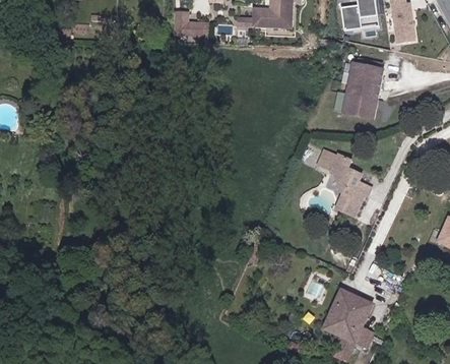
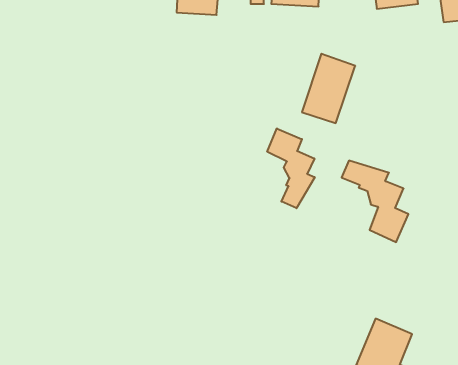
building: [341,69,386,127] -> [302,54,355,123]
building: none -> [267,128,315,208]

